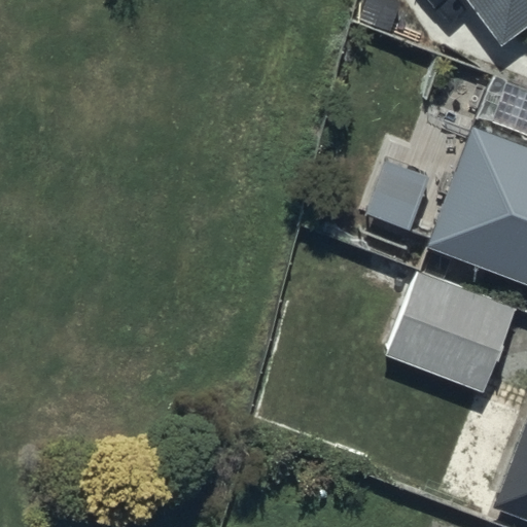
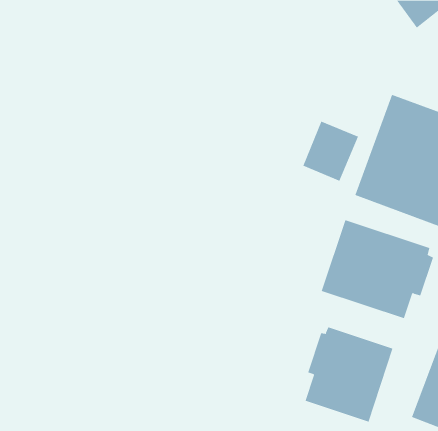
building: none -> [305,326,393,423]

